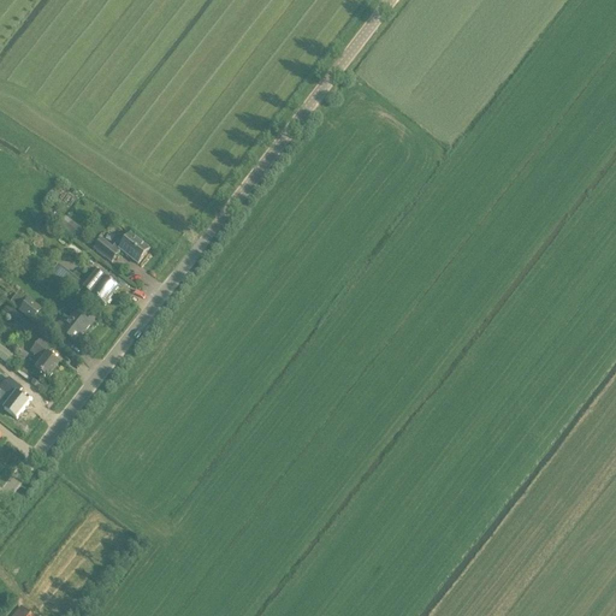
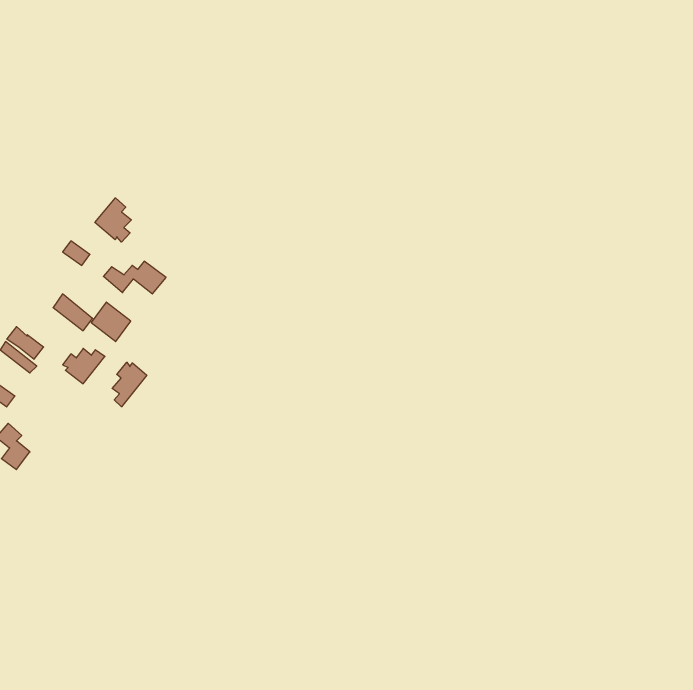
building: none -> [95,198,131,242]
building: none -> [112,362,147,407]
building: [28,334,58,375] -> none

